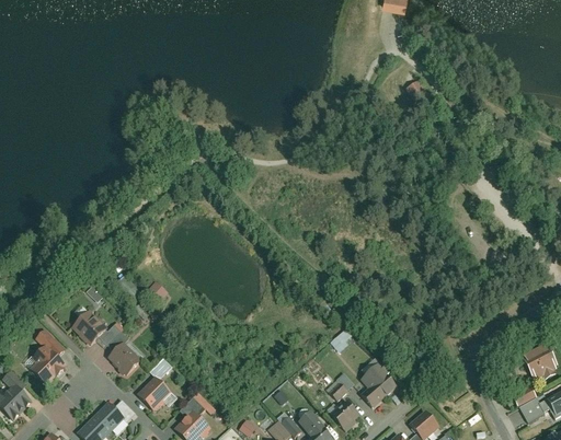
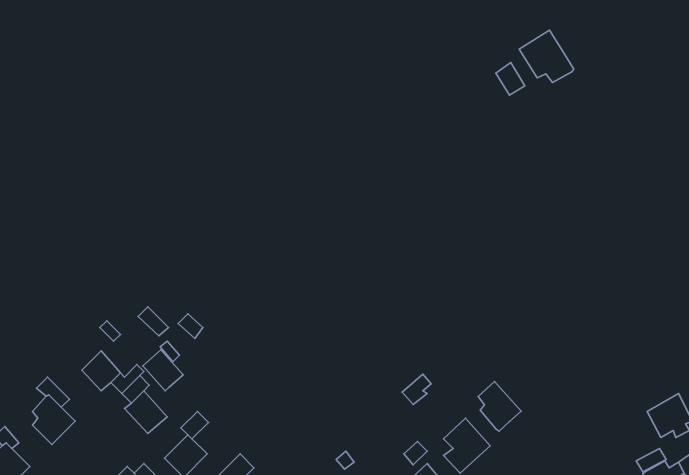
building: none -> [519,30,574,83]
building: none -> [143,350,183,391]
building: none -> [478,382,521,431]

